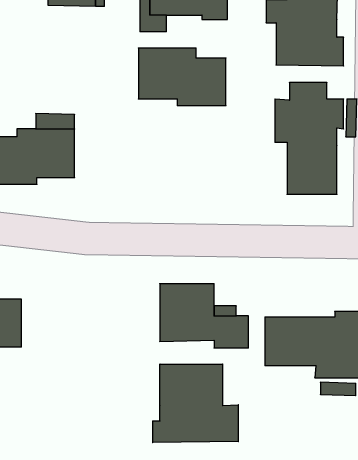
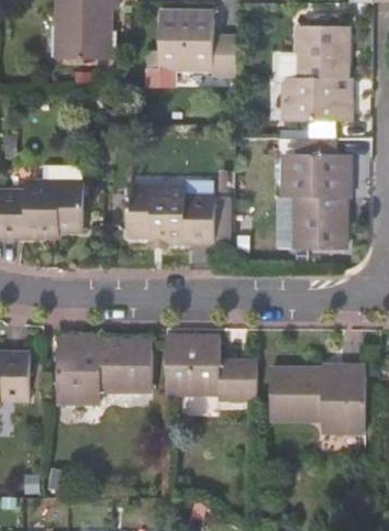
building: [138,48,226,106] -> [127,187,214,244]
building: none -> [58,336,152,406]
building: [153,364,238,443] -> none

